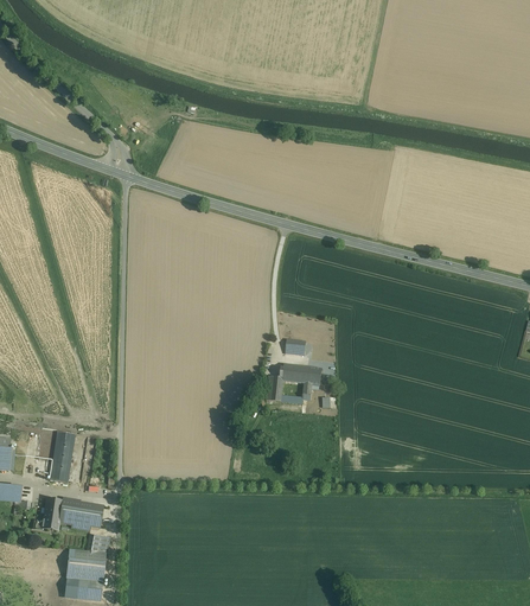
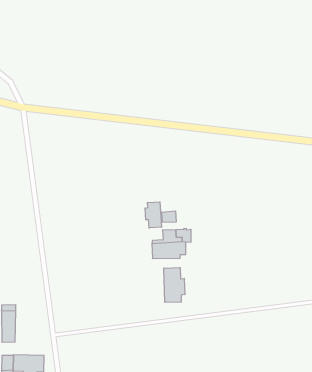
building: none -> [145,202,161,228]
building: none -> [164,268,185,302]

